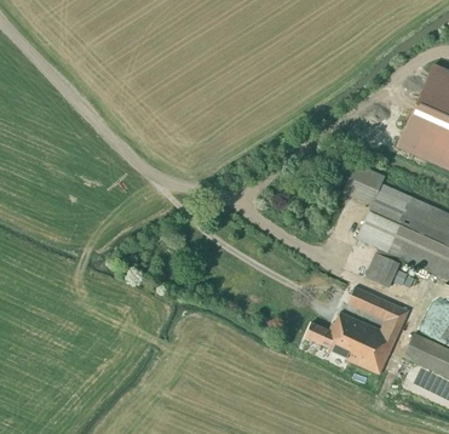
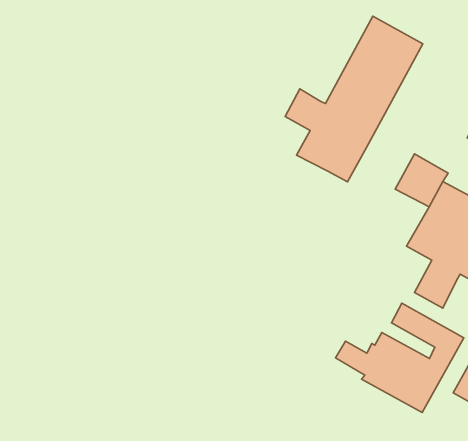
building: none -> [285,16,423,182]

